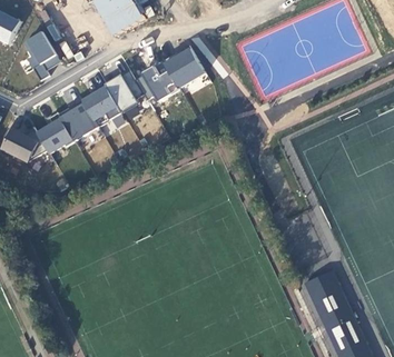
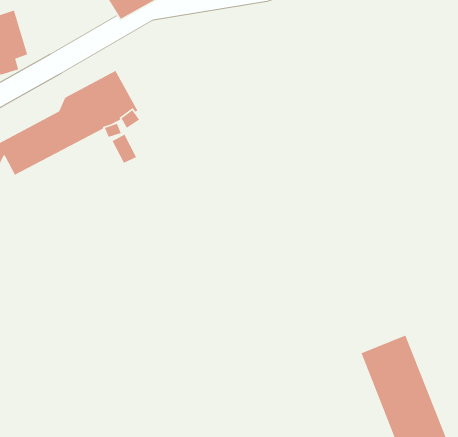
building: [138,44,210,101] -> none

